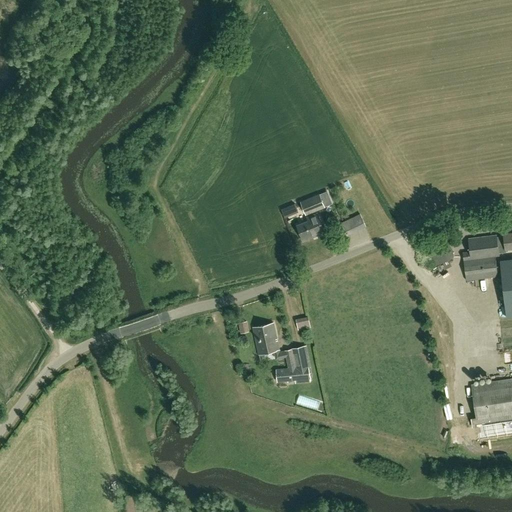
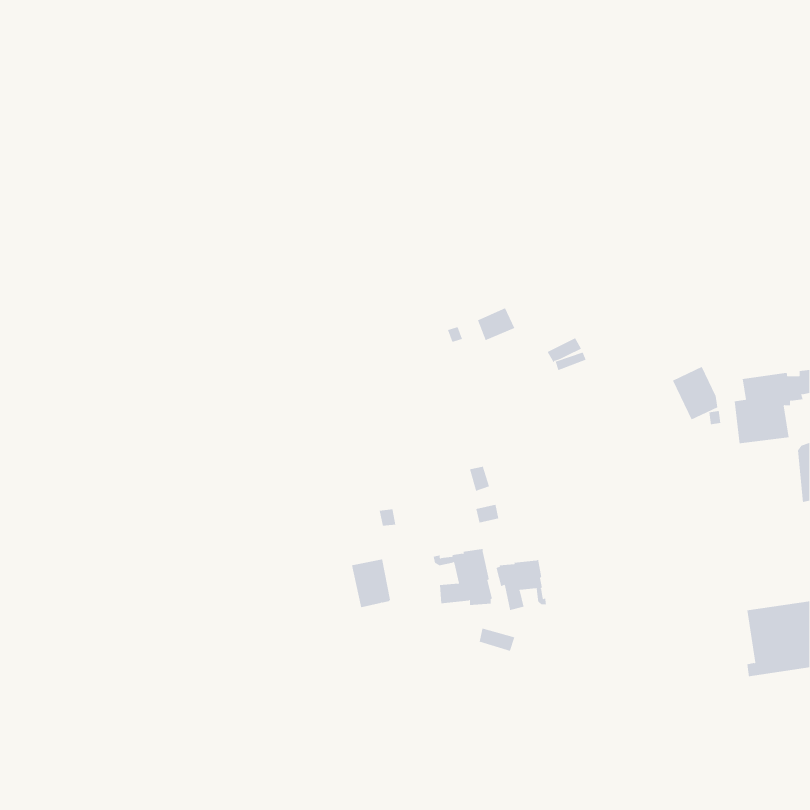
building: [298,213,324,240] -> none
building: [254,323,279,354] -> [351,559,391,608]
building: none -> [496,559,547,611]

